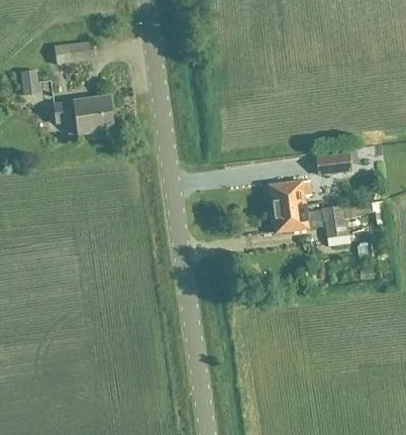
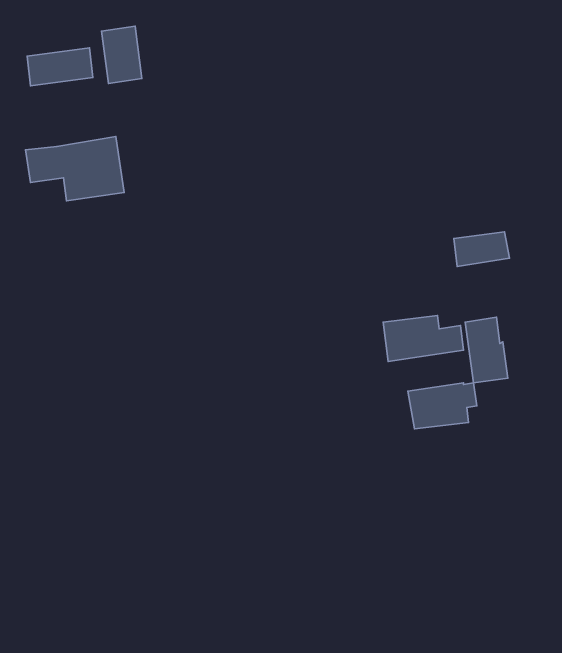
building: none -> [102,26,142,84]
building: [269,180,311,208] -> [408,383,477,429]

